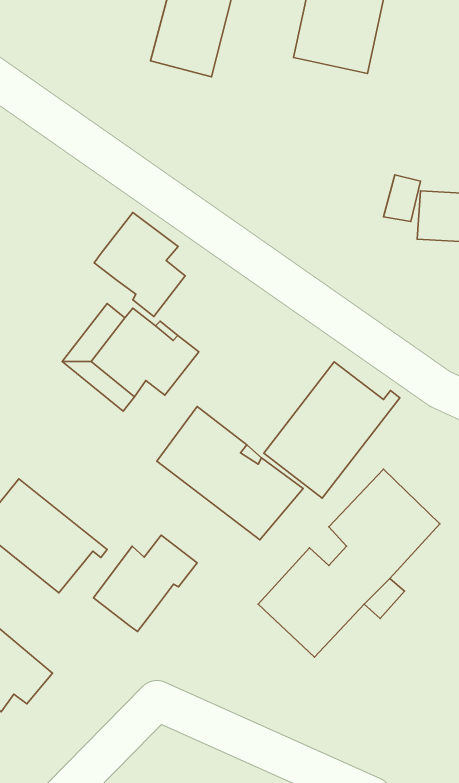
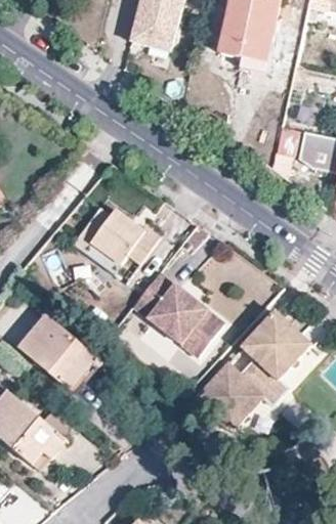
building: [94,213,185,316] -> none
building: [264,362,400,498] -> none
building: [93,535,197,632] -> none

